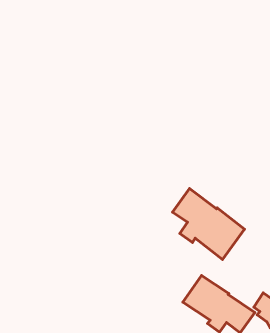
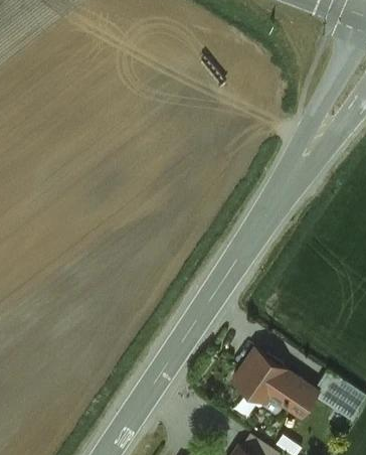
building: [173,189,245,260] -> none

